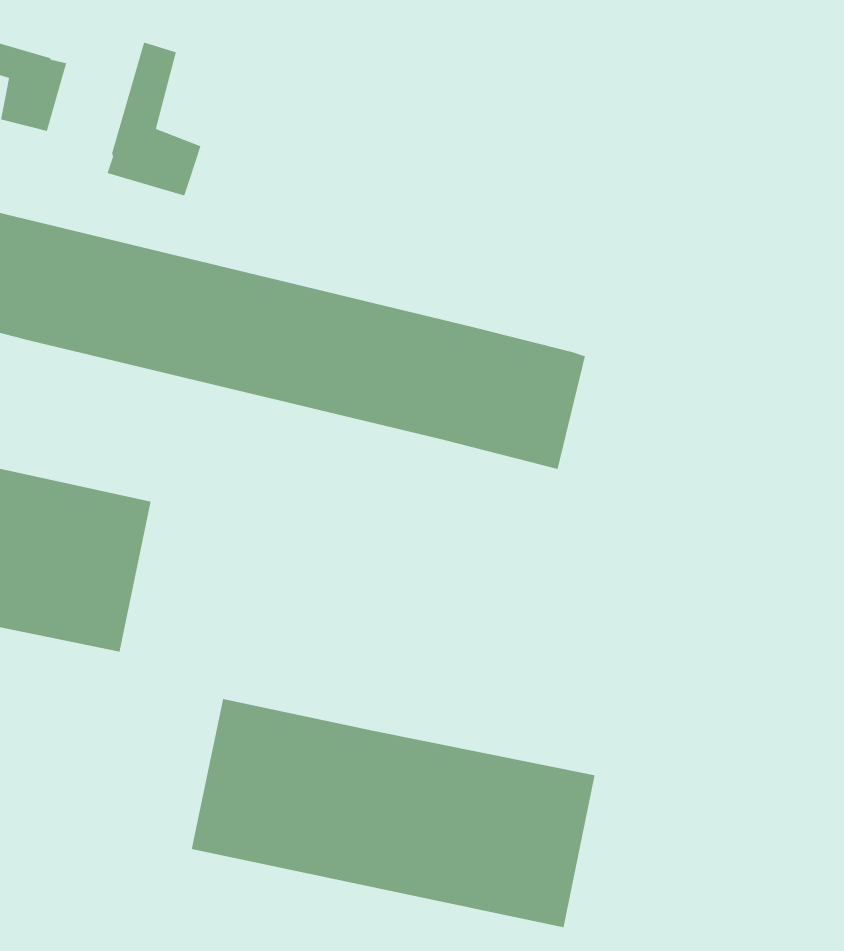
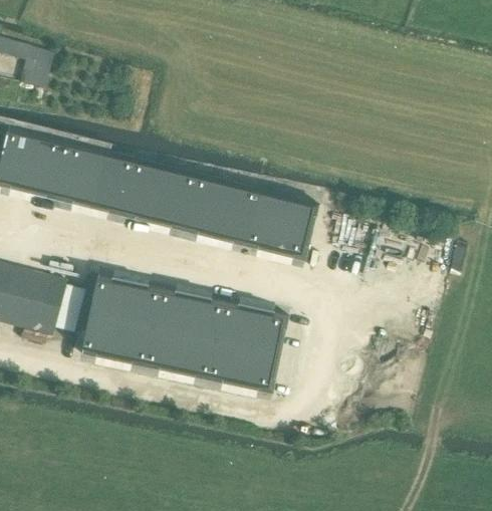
building: [106,41,202,196] -> none
building: [191,698,596,928] -> [75,272,282,390]

